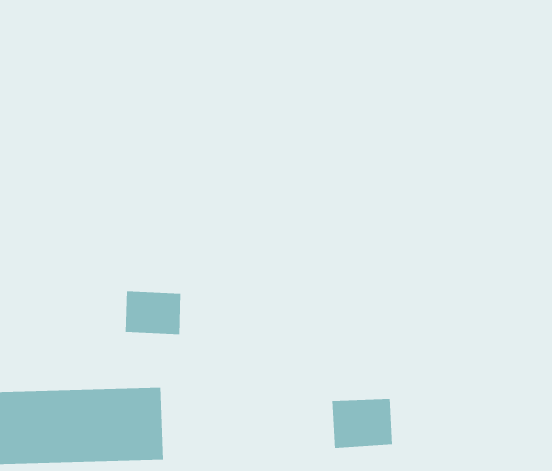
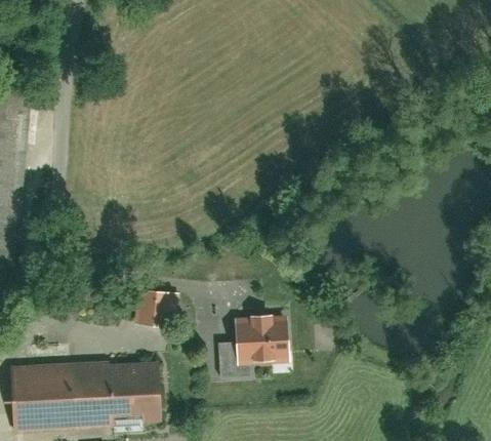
building: [332,398,393,448] -> [224,325,275,366]

